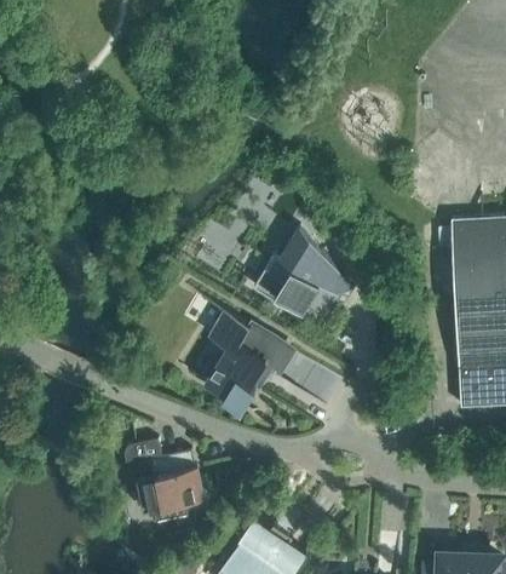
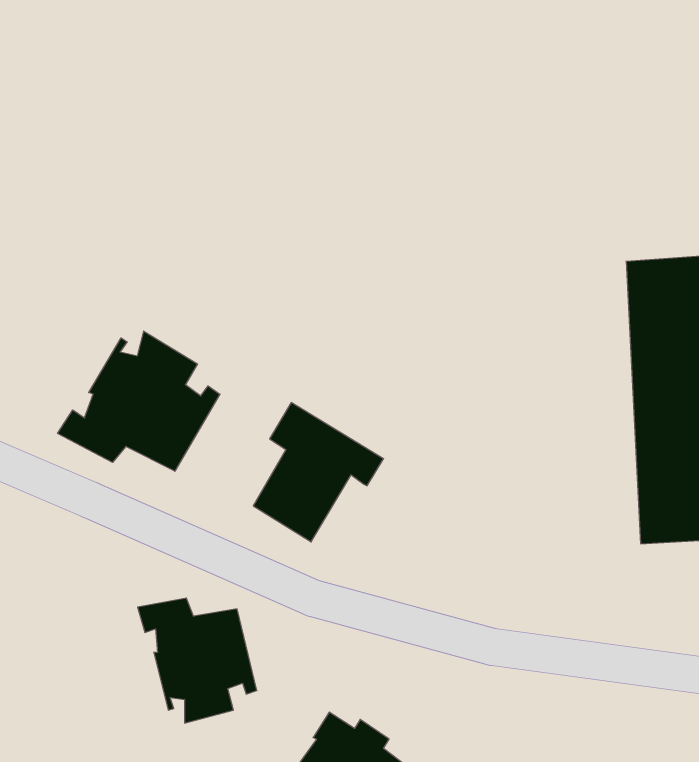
building: [254,228,345,317] -> none
building: none -> [58,331,220,471]

